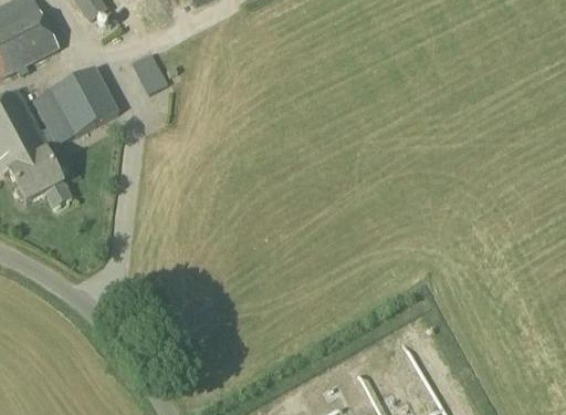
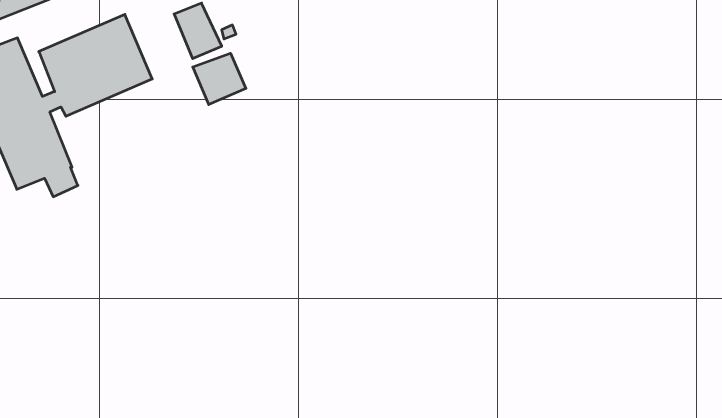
building: none -> [193,53,246,105]

